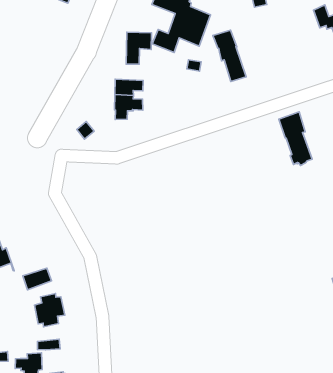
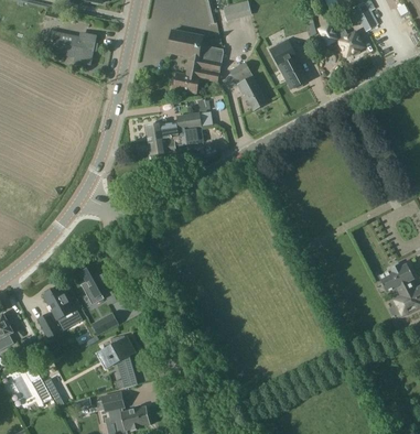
building: [126,32,152,64] -> [175,111,201,144]
building: [279,112,312,166] -> [269,39,306,88]
building: none -> [79,264,107,304]

